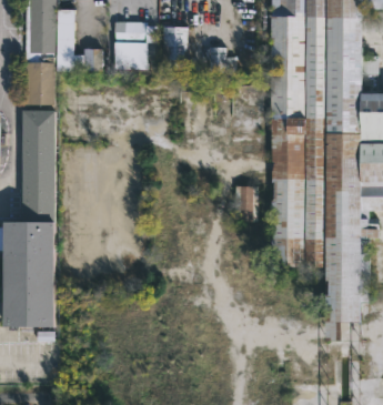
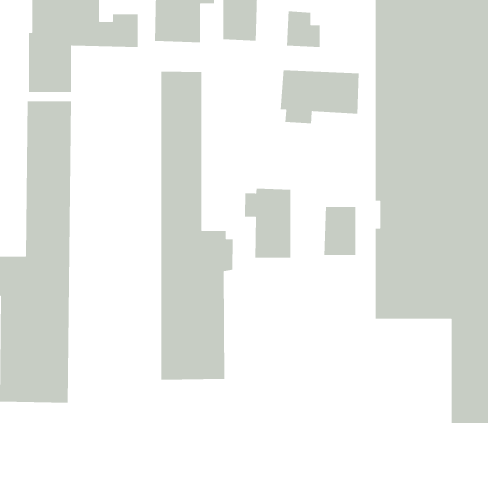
building: none -> [280,70,359,124]
building: none -> [160,71,234,380]
building: none -> [244,188,291,259]

